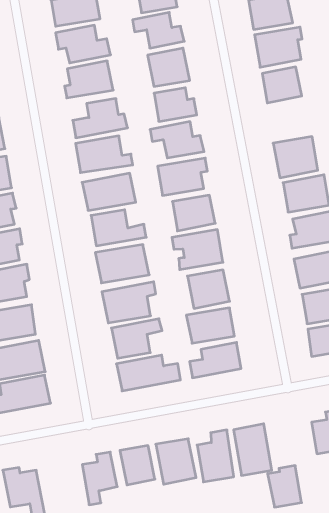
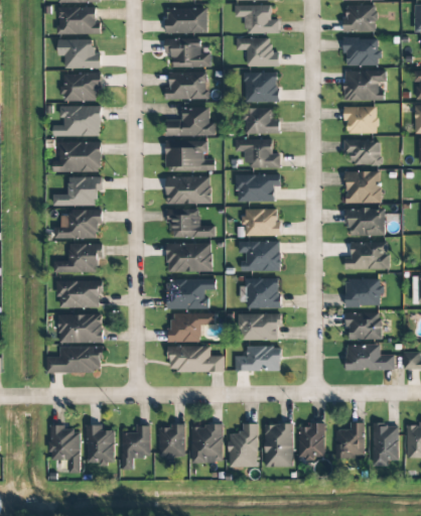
building: none -> [342,140,381,165]
building: none -> [87,425,115,464]
building: [268,466,302,507] -> [298,423,324,458]

